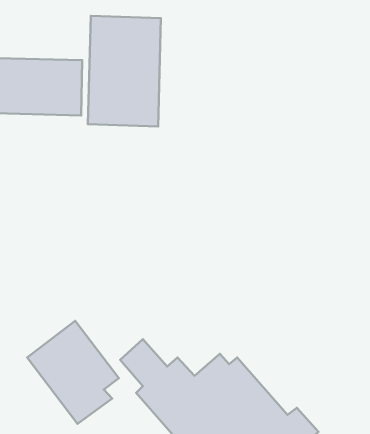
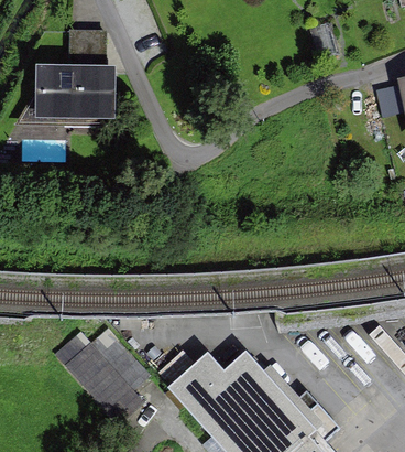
building: [88,16,161,127] -> none

